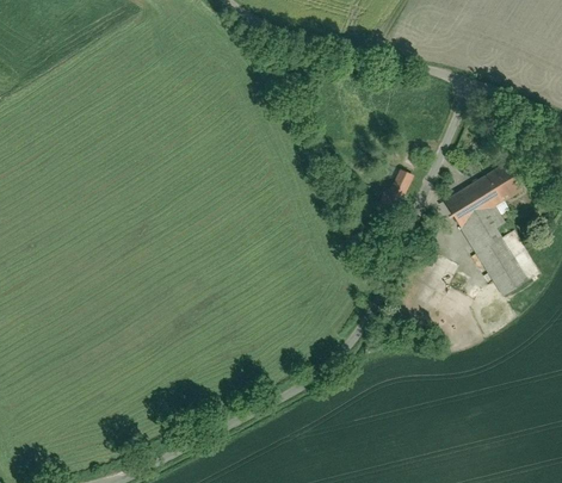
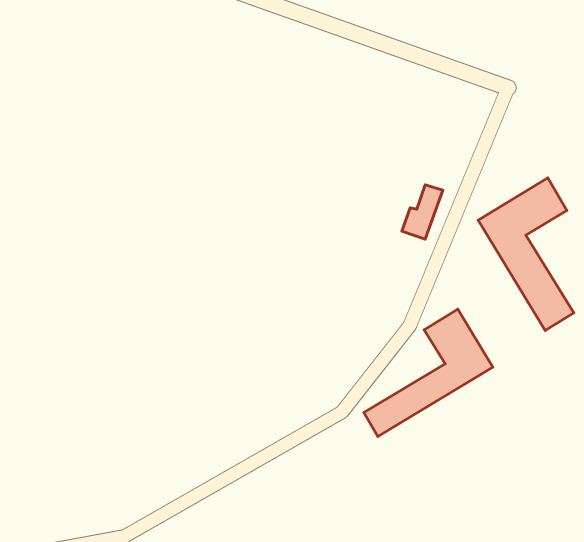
building: none -> [364,309,493,437]

